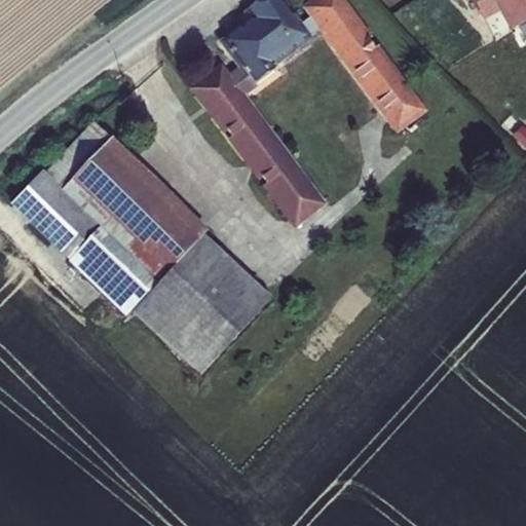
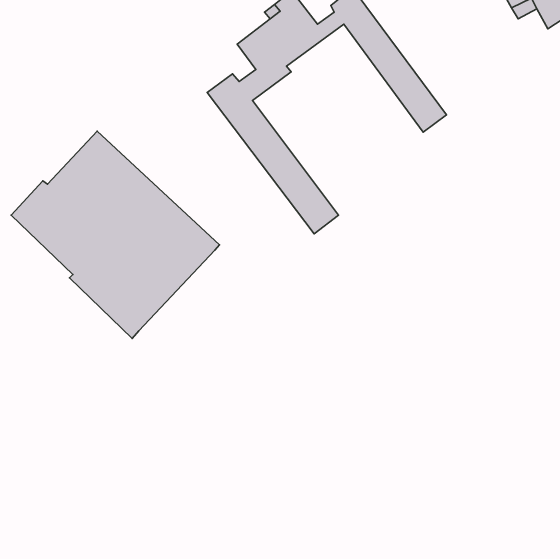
building: [133,233,272,373] -> none

